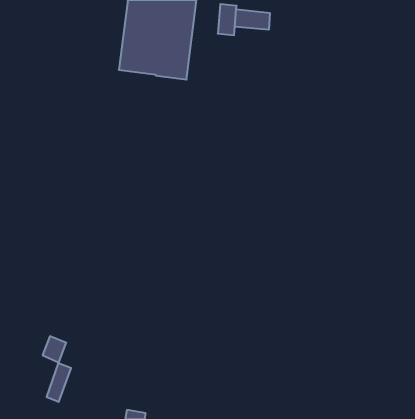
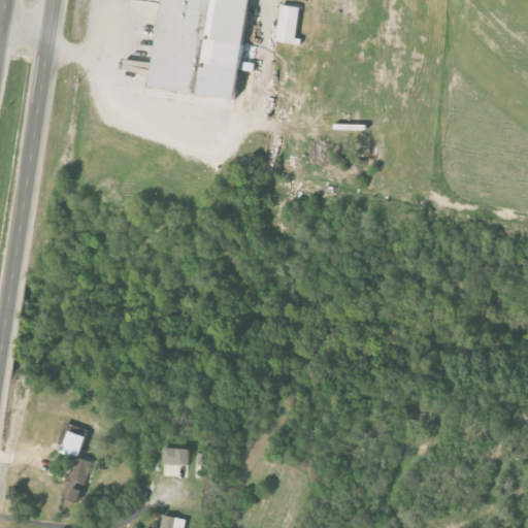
building: [235,9,270,30] -> none
building: none -> [160,449,187,466]

